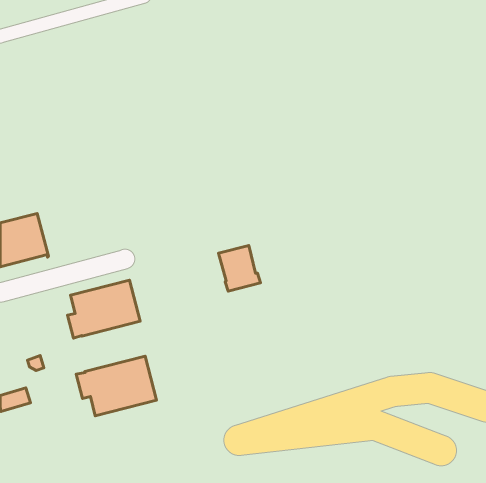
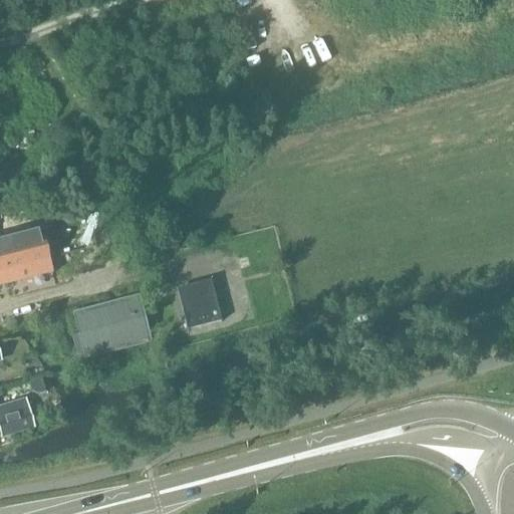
building: [218,246,260,291] -> [178,279,222,327]
building: [76,356,157,416] -> none

